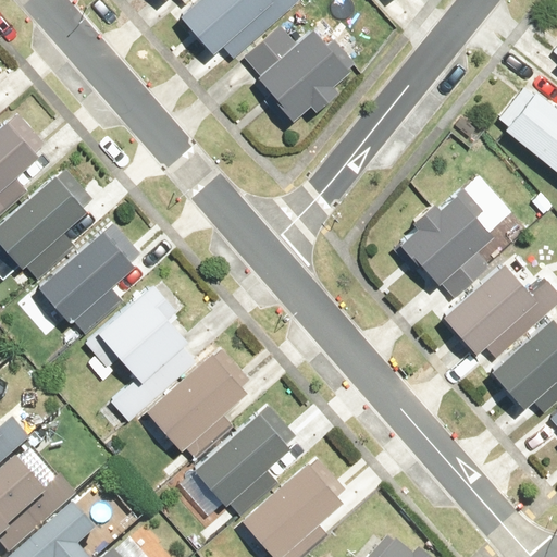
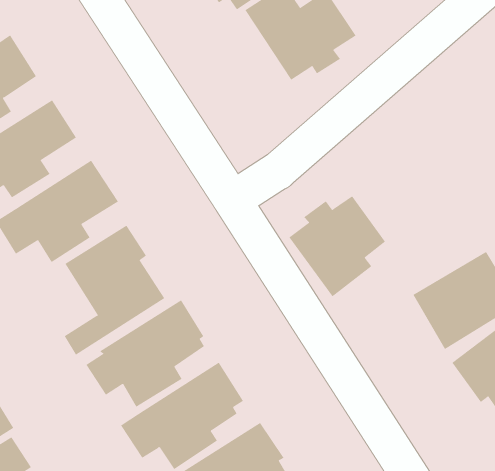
building: [404,194,499,296] -> [288,195,386,297]

